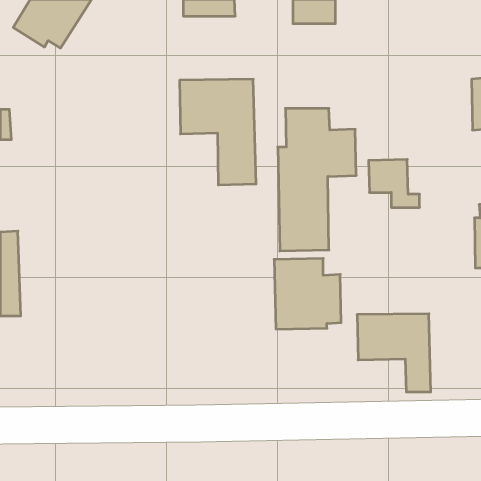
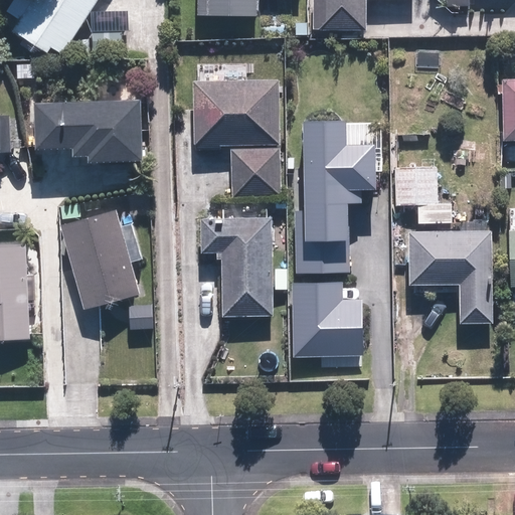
building: none -> [39,105,140,157]
building: none -> [60,214,134,306]
building: none -> [203,222,269,316]
building: [357,314,431,392] -> [407,235,486,319]

